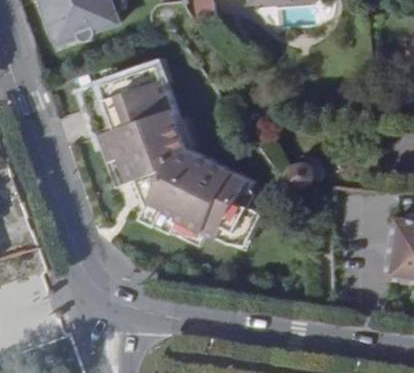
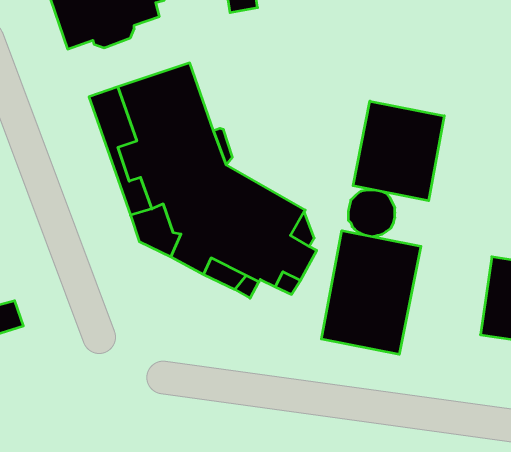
building: none -> [353,101,444,201]
building: none -> [321,231,421,354]

